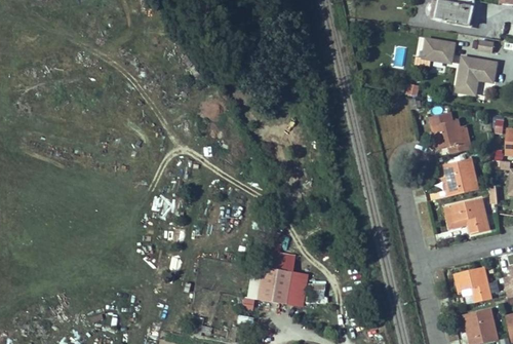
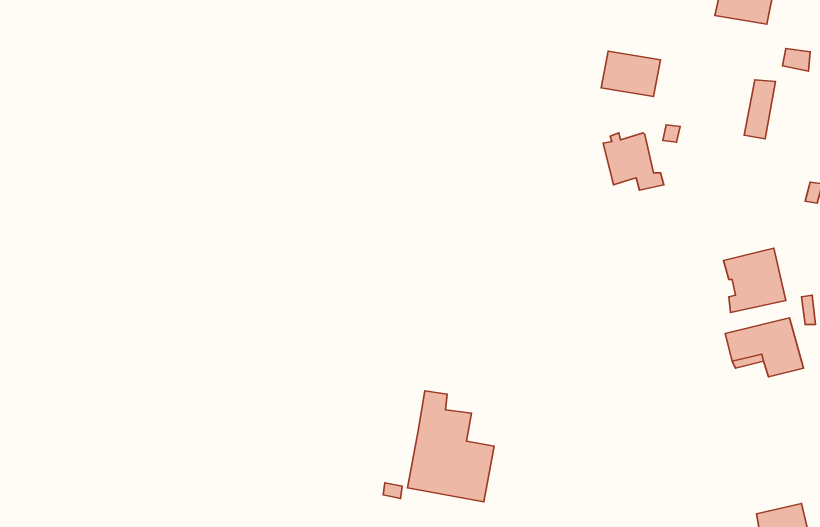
building: [422,36,457,63] -> [601,51,660,96]
building: [468,59,495,93] -> none
building: [432,118,468,152] -> [603,133,664,190]
building: [453,267,490,302] -> none

